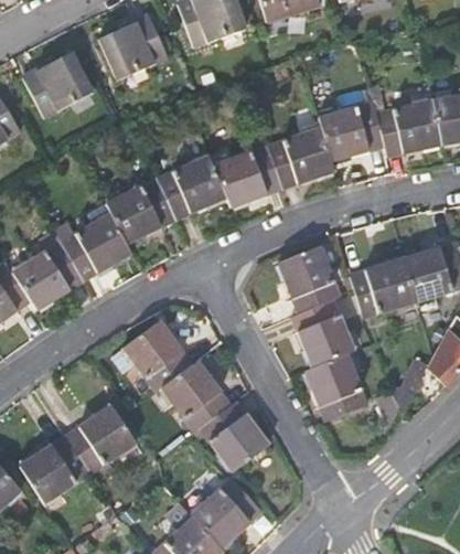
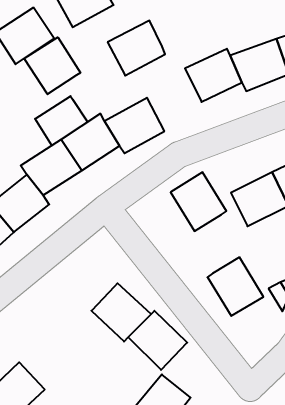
building: none -> [24,37,80,94]
building: [268,127,334,188] -> [108,21,165,76]
building: none -> [35,96,88,145]
building: [291,298,354,366] -> none
building: [124,319,193,391] -> none
building: [65,404,137,472] -> none

